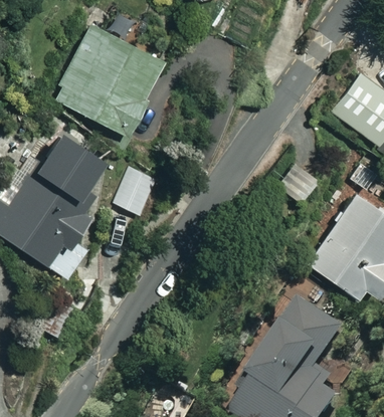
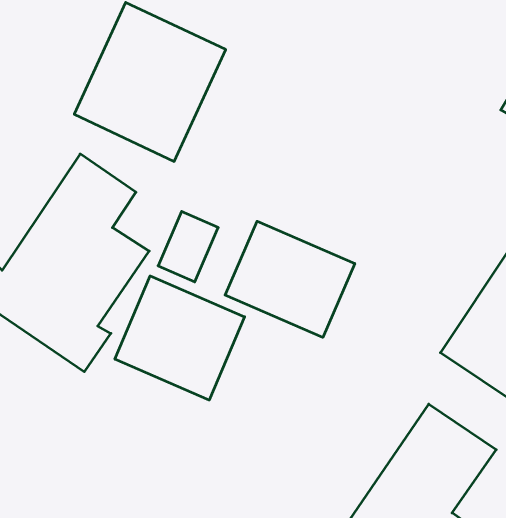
building: none -> [225,221,355,337]
building: none -> [115,276,245,400]

